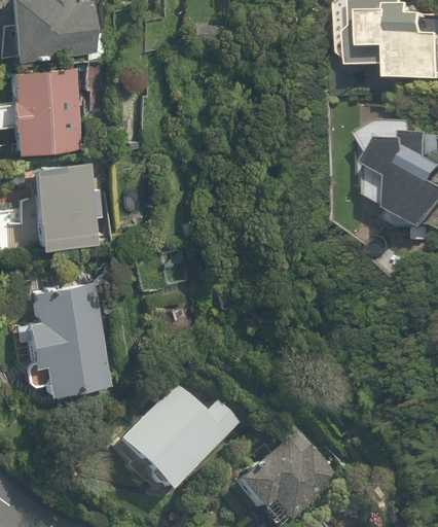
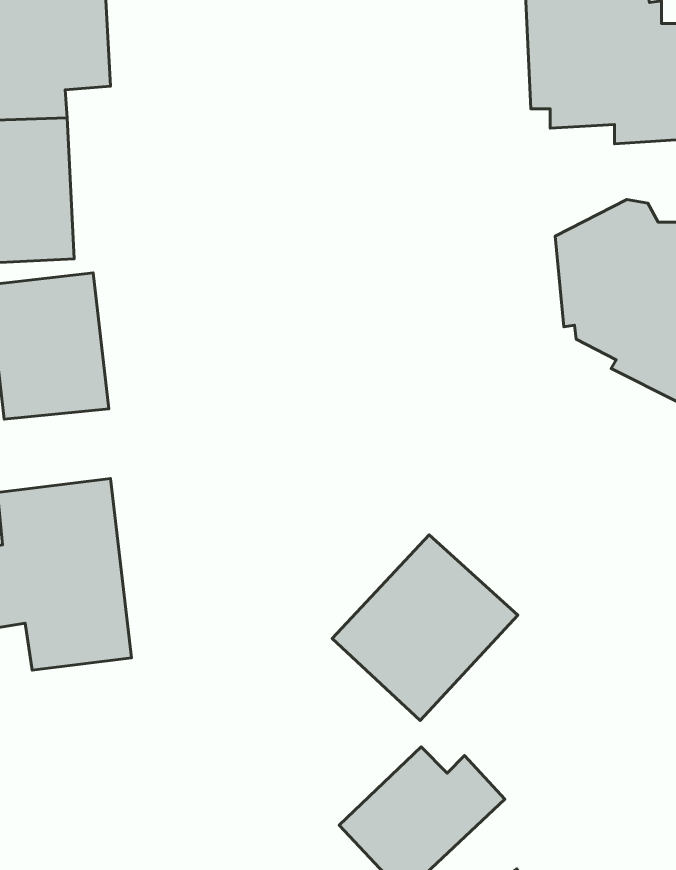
building: none -> [332,535,518,720]
building: [115,387,240,497] -> none

